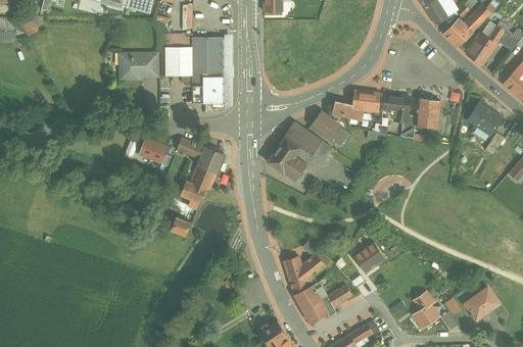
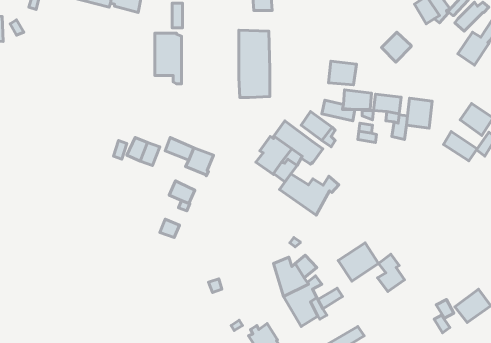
building: [442,18,472,48] -> [381,32,411,62]
building: [192,37,223,103] -> [239,30,270,97]
building: [121,54,156,79] -> none
building: none -> [328,61,356,85]
building: none -> [444,131,477,161]
building: [190,165,216,190] -> none
building: none -> [279,174,339,215]
building: [412,291,438,328] -> [378,254,404,291]

